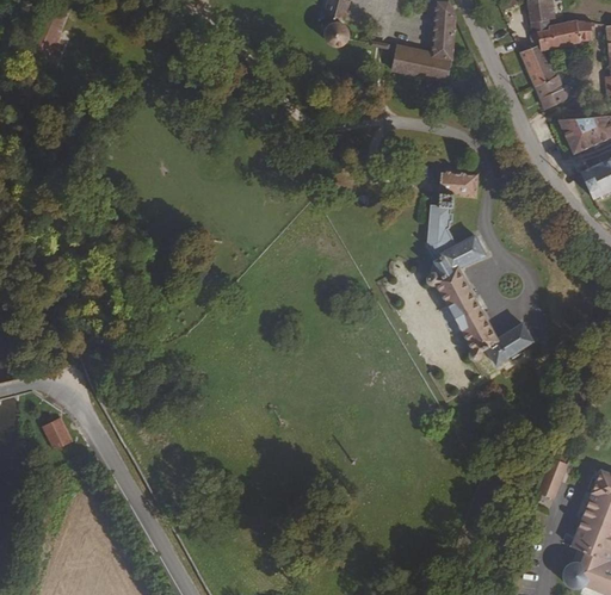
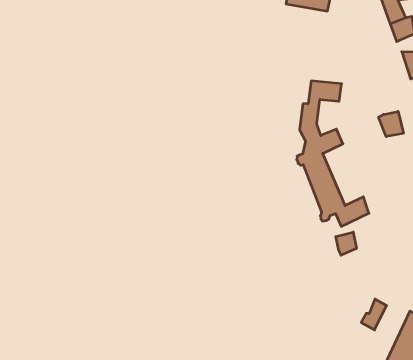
building: none -> [379,111,403,137]
building: none -> [336,232,356,255]
building: [42,413,73,447] -> none

